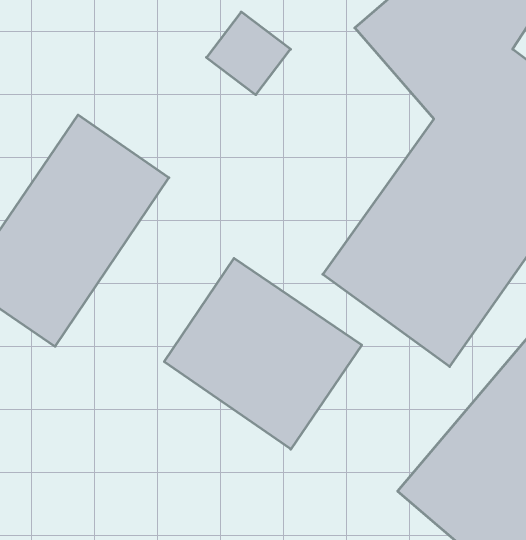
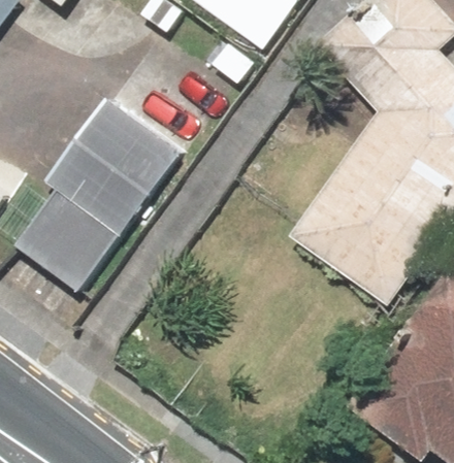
building: [164,258,362,449] -> none

